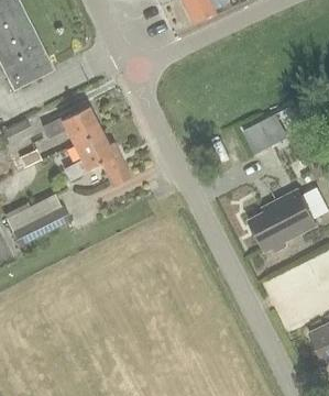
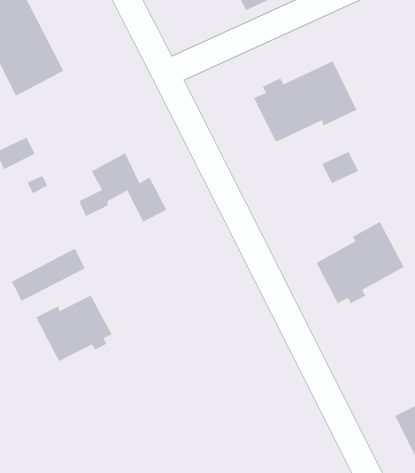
building: none -> [253,61,357,143]
building: [42,108,100,146] -> none
building: none -> [35,295,112,362]

